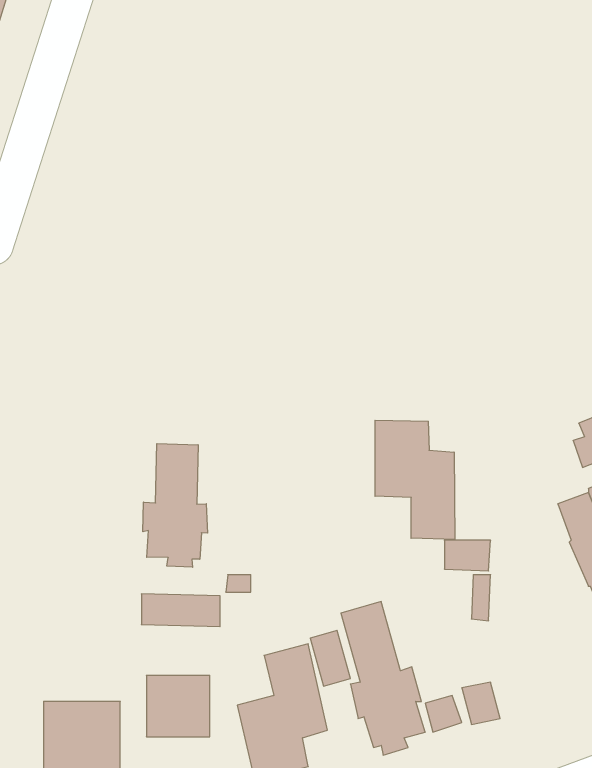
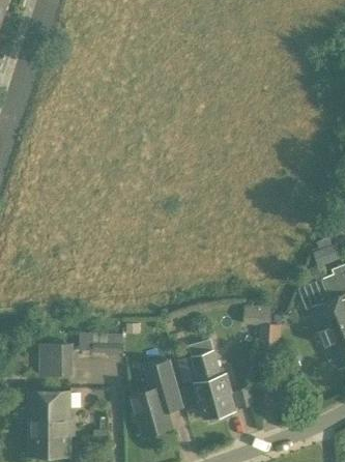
building: [375,420,455,540] -> none
building: [143,444,207,567] -> none
building: [146,675,210,737] -> [40,344,75,377]

